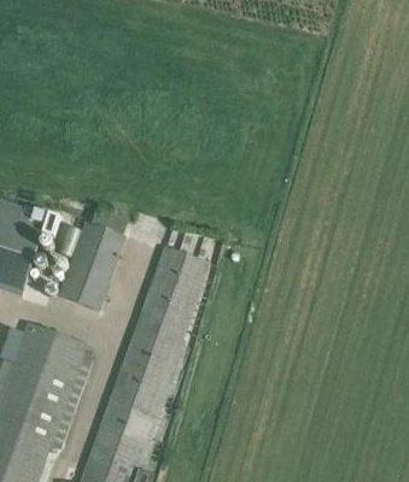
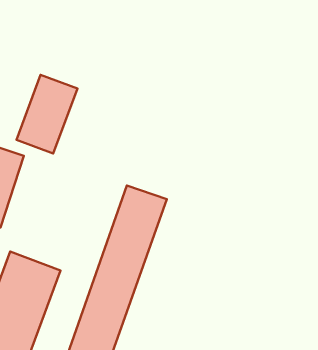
building: [58,221,128,311] -> [16,75,77,154]

